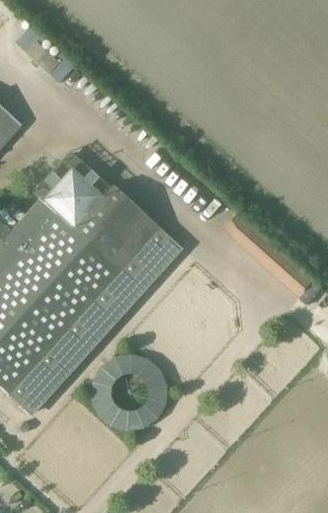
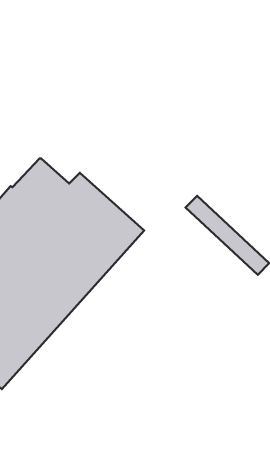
building: [82,343,176,434] -> none

